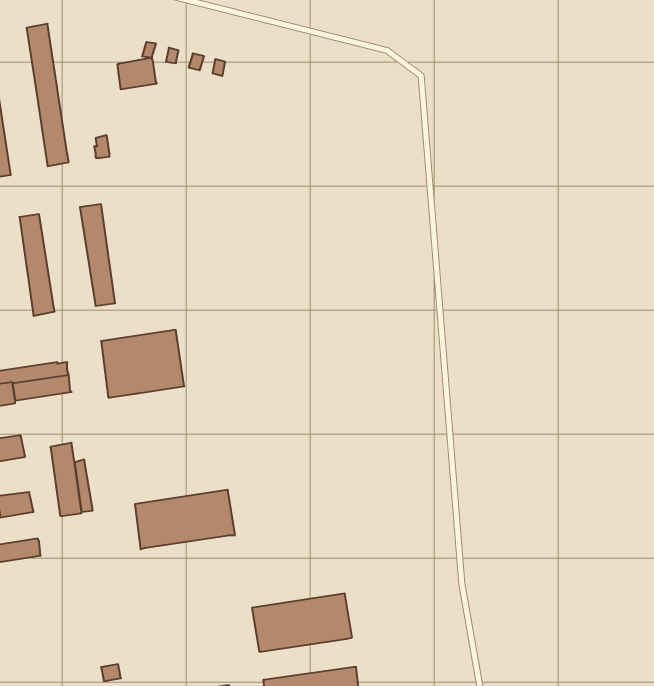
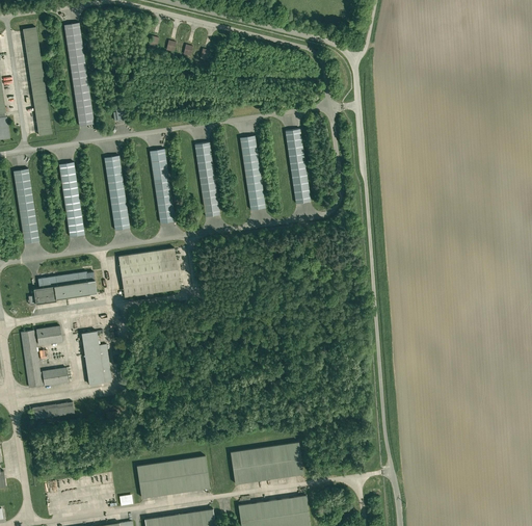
building: [118,58,156,89] -> none
building: none -> [285,128,311,204]
building: none -> [239,135,265,210]
building: none -> [194,141,220,216]
building: none -> [149,149,175,223]
building: [135,490,235,549] -> [136,455,210,499]

